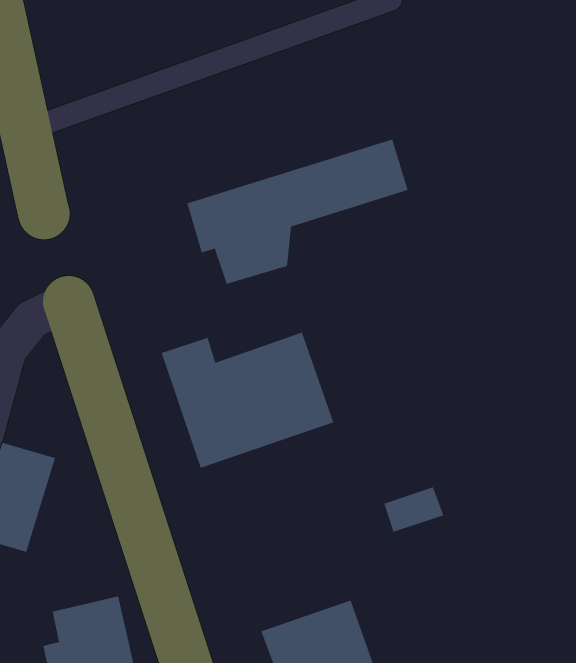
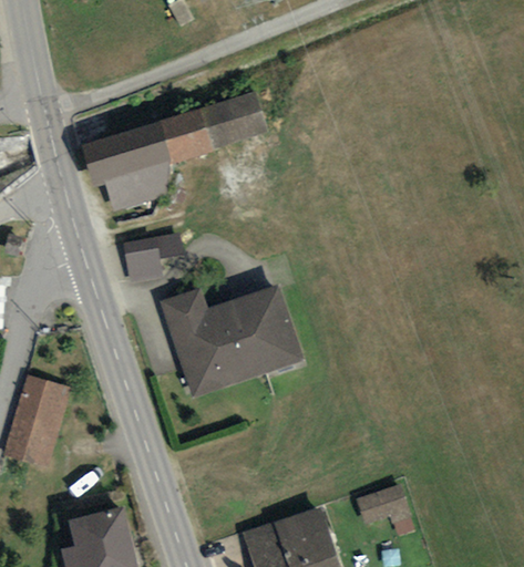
building: [187,139,409,285] -> [81,89,268,212]
building: none -> [122,233,183,284]
building: [384,486,444,532] -> [357,486,408,525]

